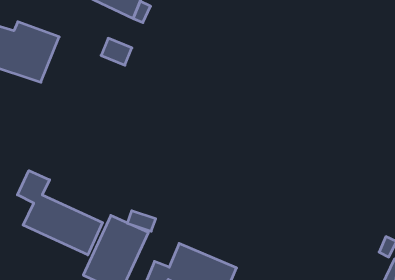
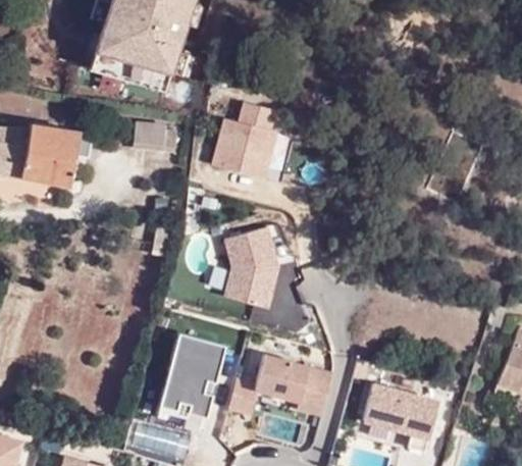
building: none -> [209,102,278,178]
building: none -> [220,226,280,309]
building: [17,171,103,255] -> none

